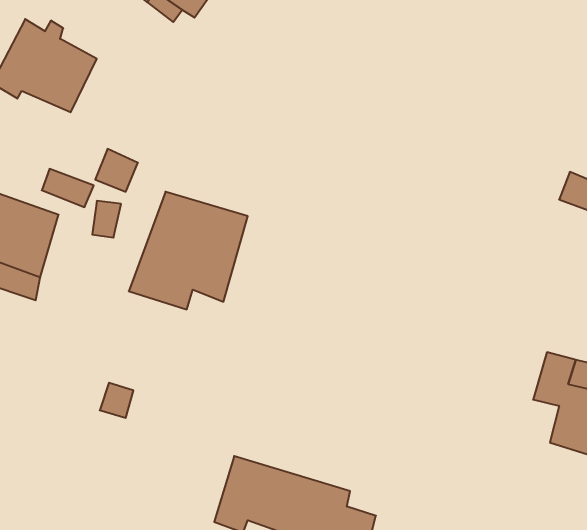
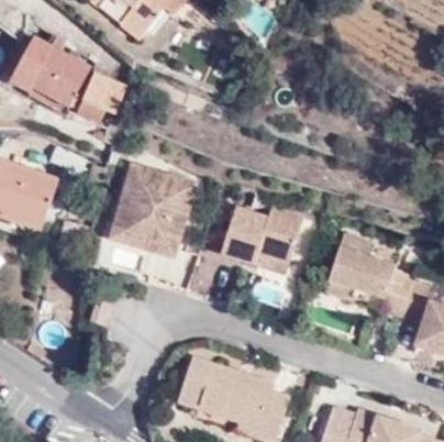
building: none -> [77,74,124,124]
building: none -> [222,203,301,269]
building: none -> [324,233,411,319]

